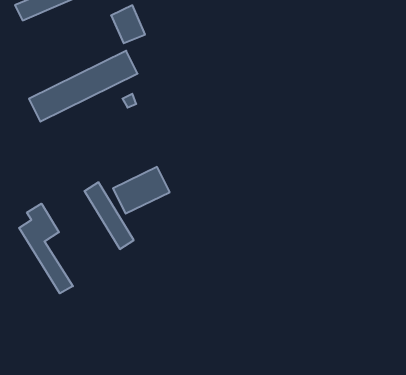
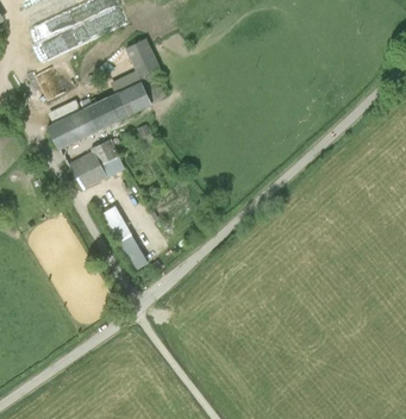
building: [113,167,170,214] -> [69,144,123,188]
building: [19,204,73,293] -> none

